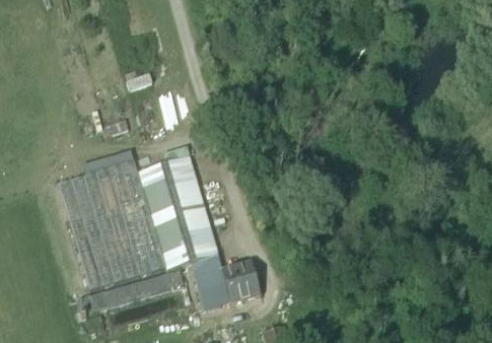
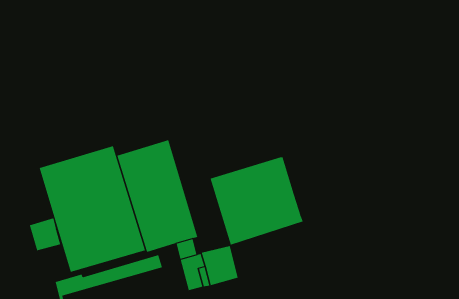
building: none -> [210,156,303,245]
building: none -> [29,217,61,251]

